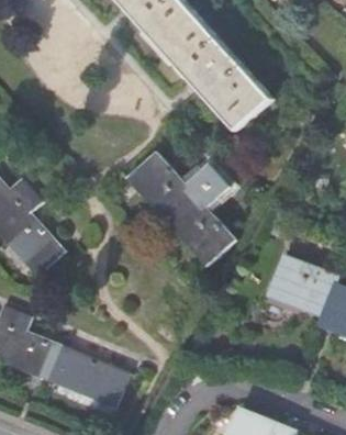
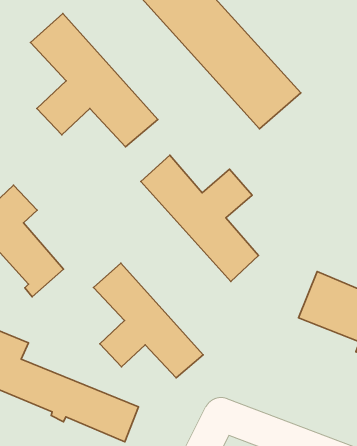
building: none -> [30,14,158,147]
building: none -> [94,263,203,378]

